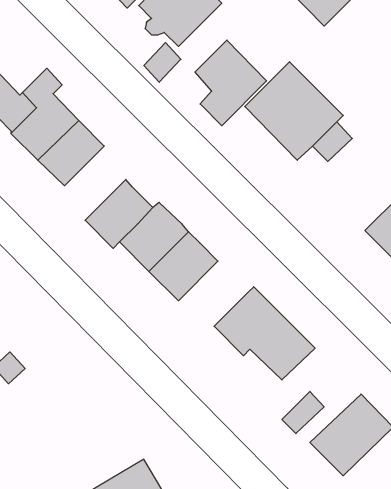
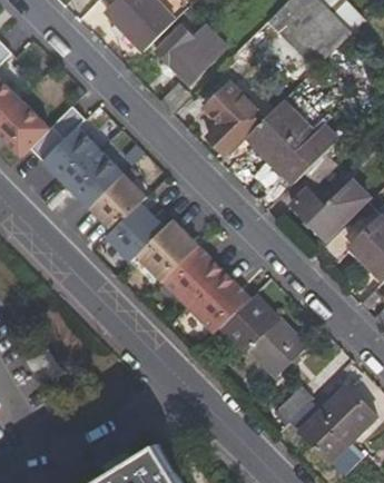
building: none -> [89,171,148,230]
building: none -> [291,185,363,238]
building: none -> [188,272,249,333]

